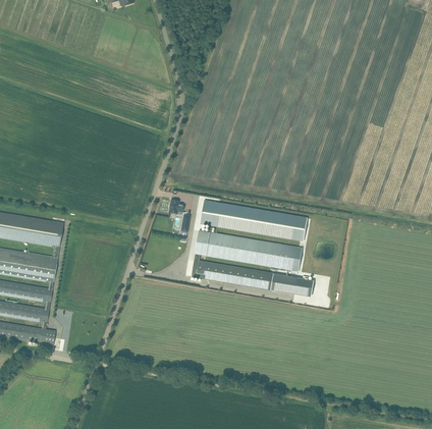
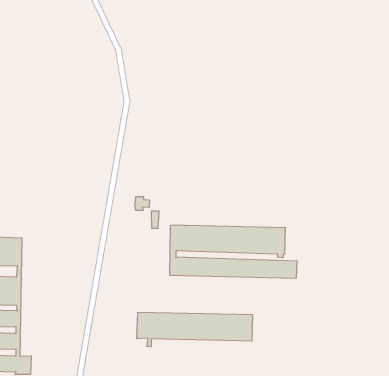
building: [200,200,308,240] -> [137,312,253,346]

